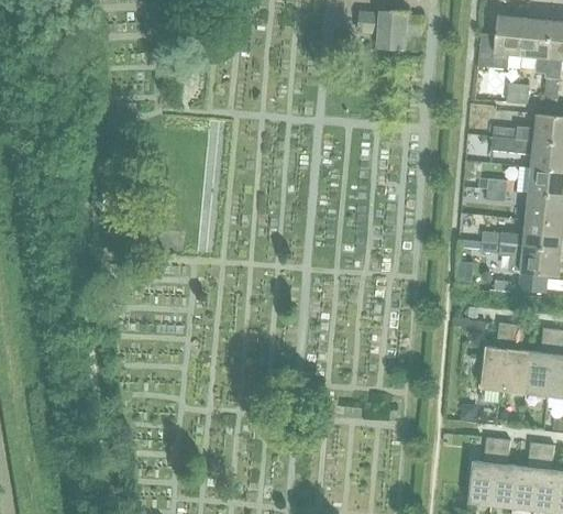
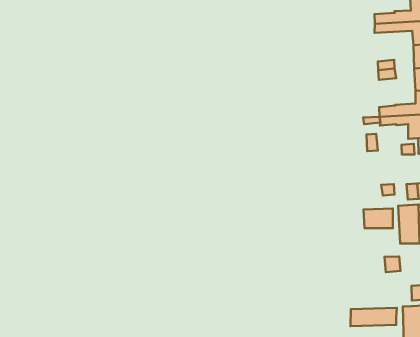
building: none -> [364,209,393,228]
building: none -> [350,308,397,326]

